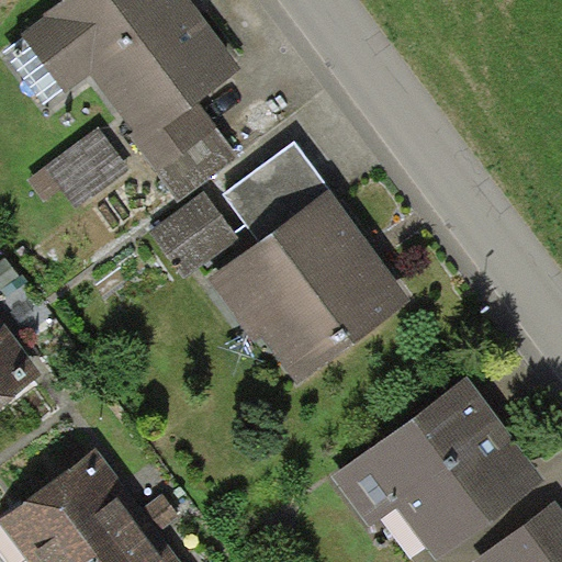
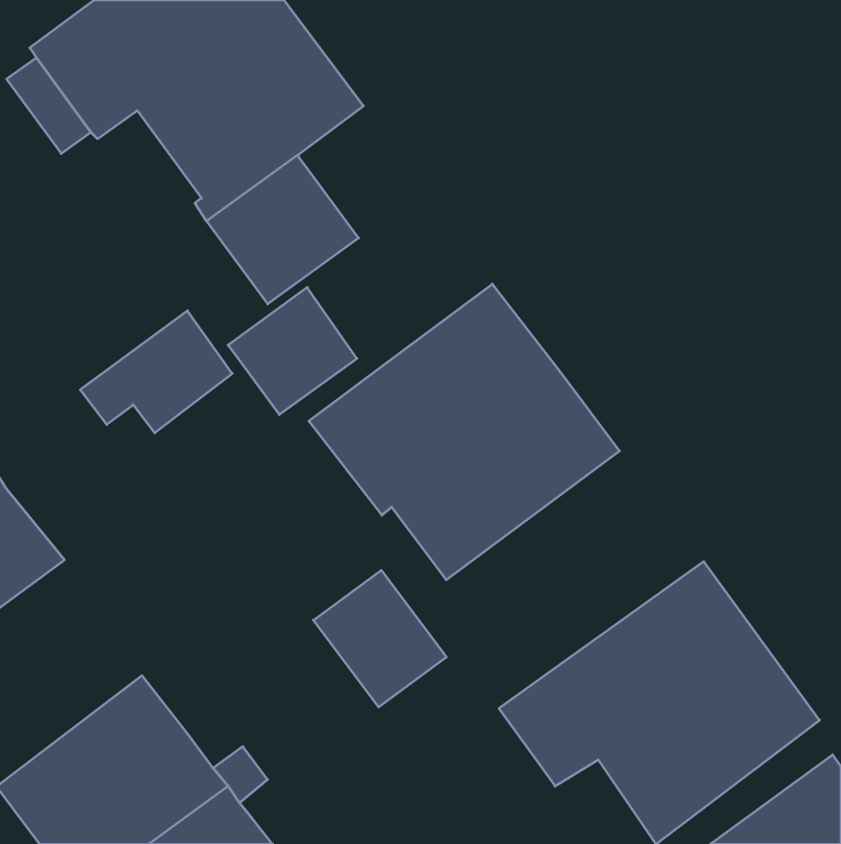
building: [27,126,128,207] -> [80,311,232,433]
building: [223,143,327,240] -> none
building: none -> [313,570,446,707]

